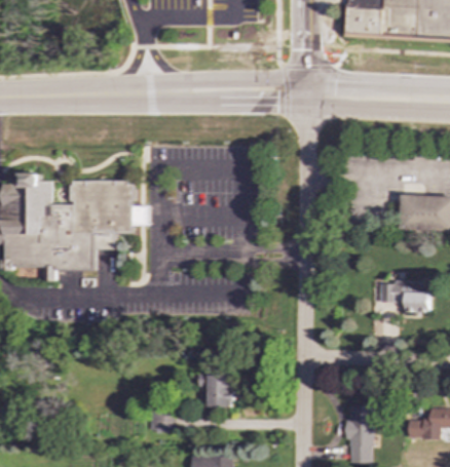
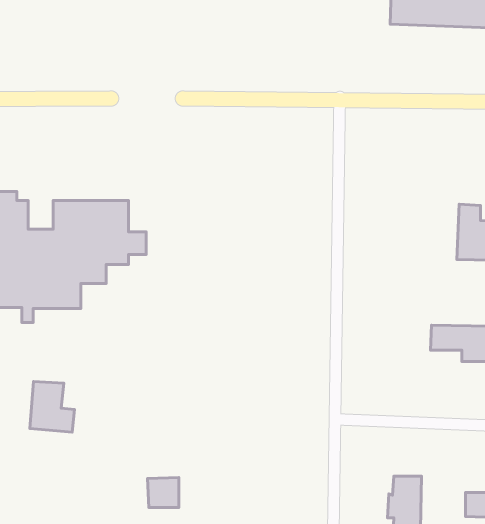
building: none -> [30,381,75,432]
building: [197,374,231,407] -> none

